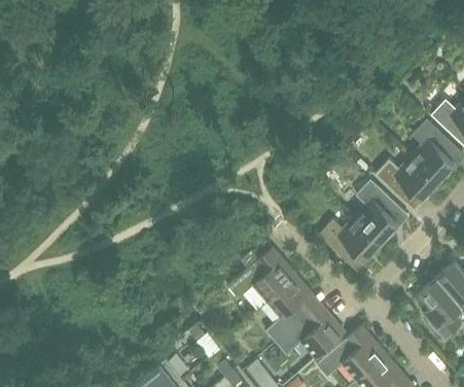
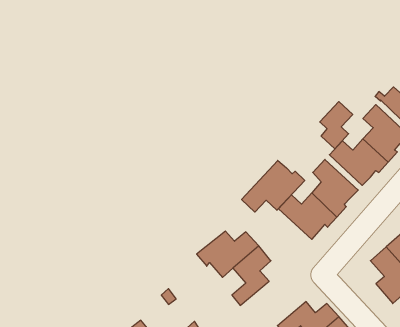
building: none -> [320,102,353,149]
building: none -> [242,160,305,212]
building: [276,315,345,357] -> none

